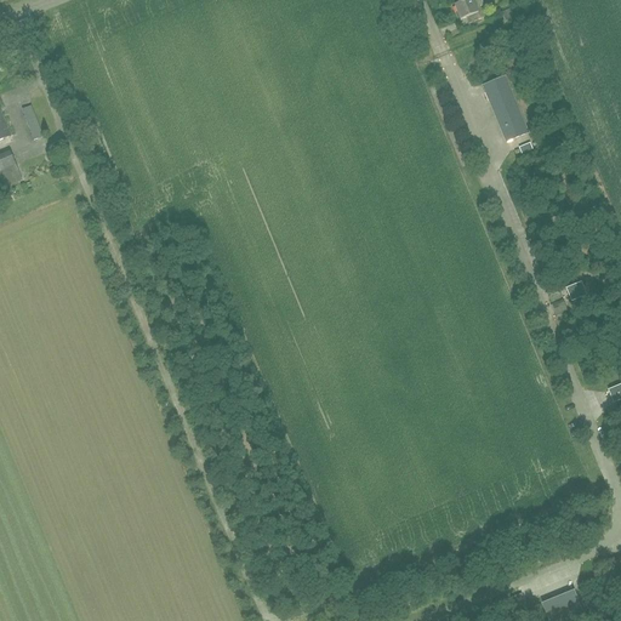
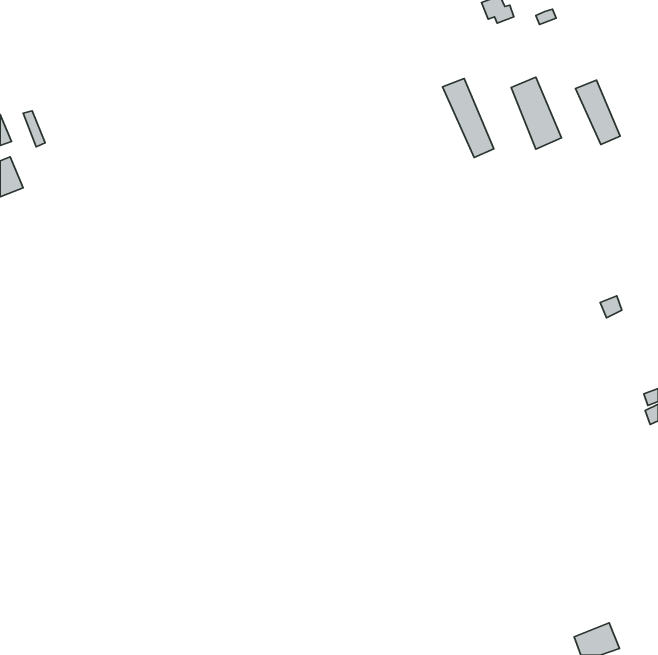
building: none -> [443,79,494,157]
building: none -> [576,80,620,144]

